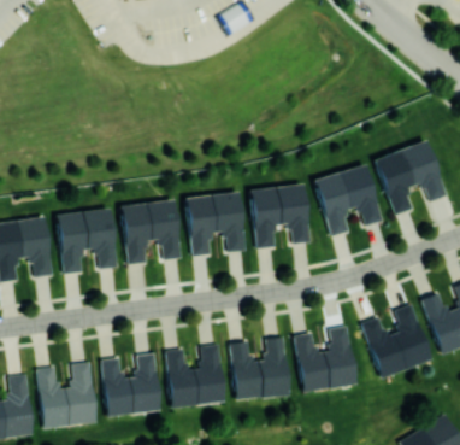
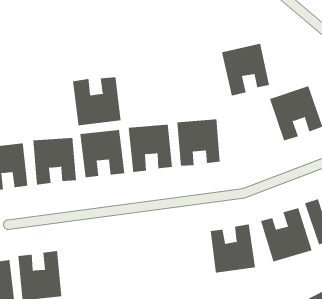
building: none -> [72,77,121,126]
building: [315,164,381,235] -> [221,43,270,96]
building: [230,335,290,399] -> none
building: [166,344,226,406] -> none
building: [102,352,163,415] -> none

